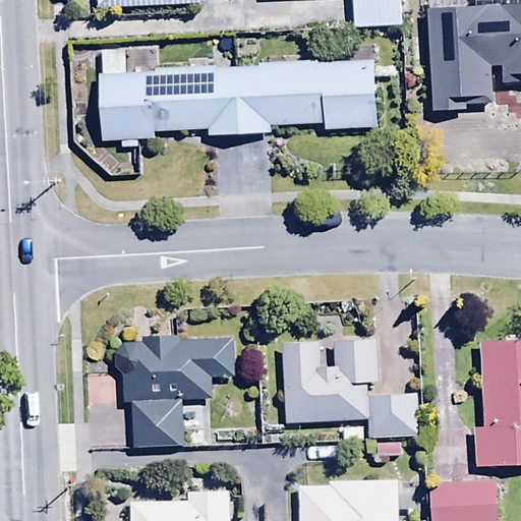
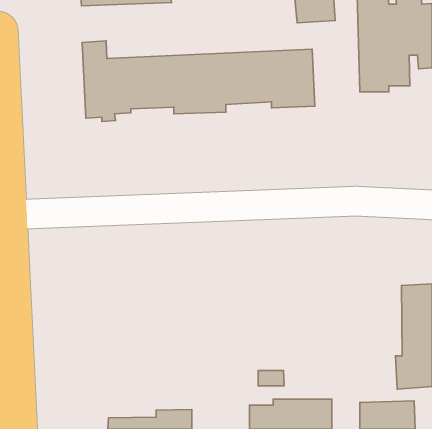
building: [115,335,234,444] -> none
building: [284,340,419,435] -> none

